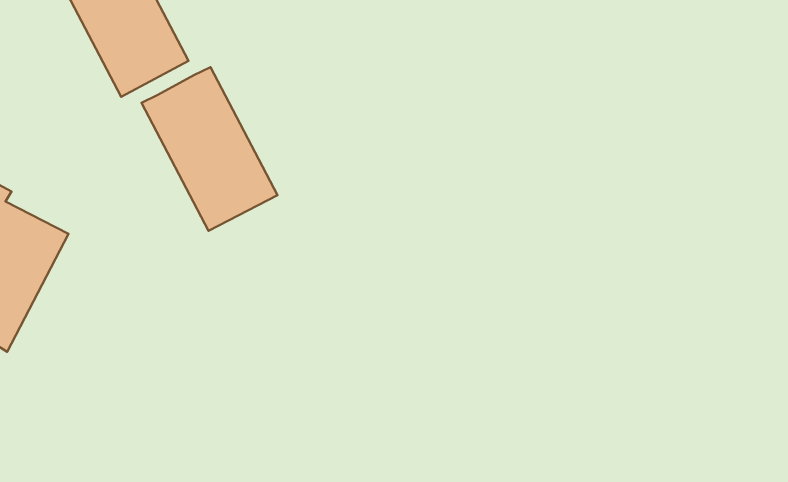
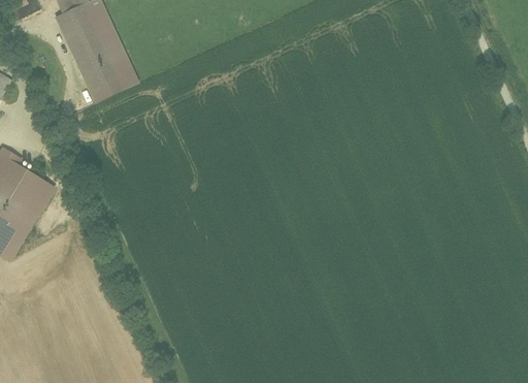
building: [141,67,277,231] -> none

